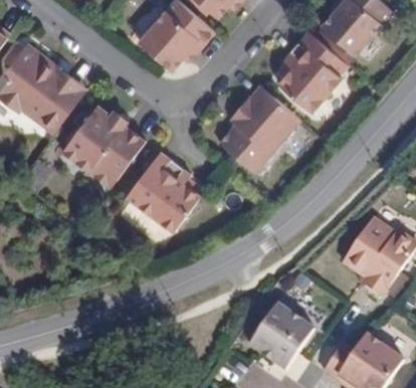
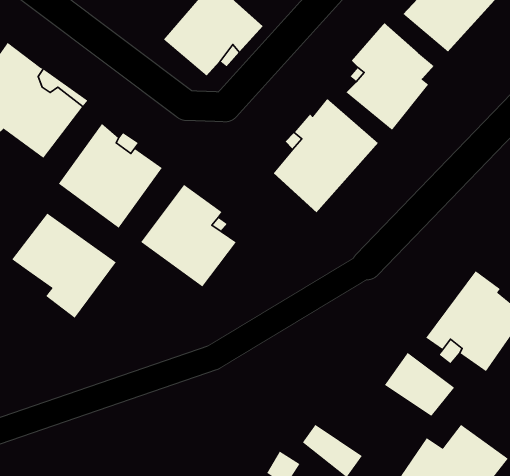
building: none -> [11,212,117,319]
building: [256,309,310,358] -> [384,352,455,417]

